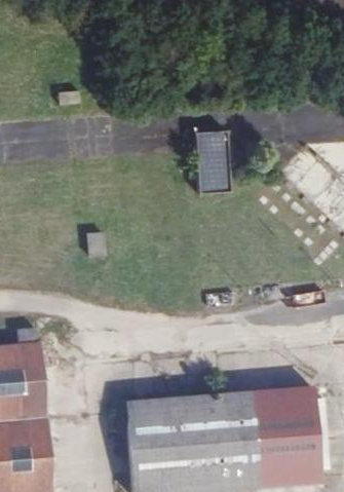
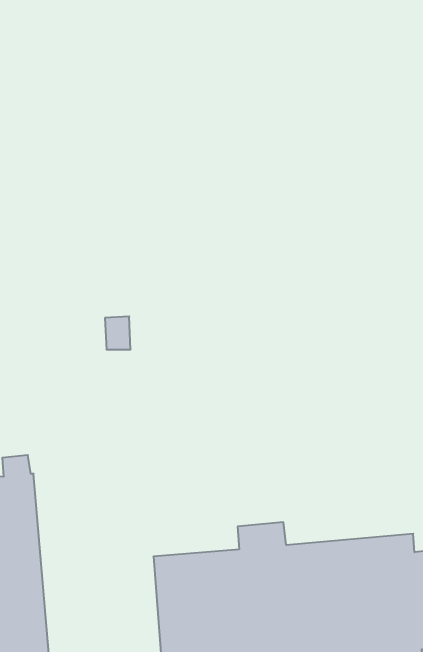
building: [193,131,229,196] -> none

